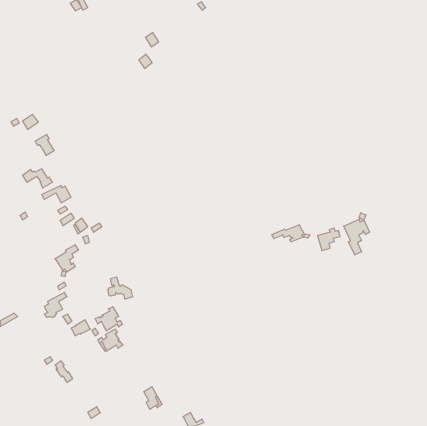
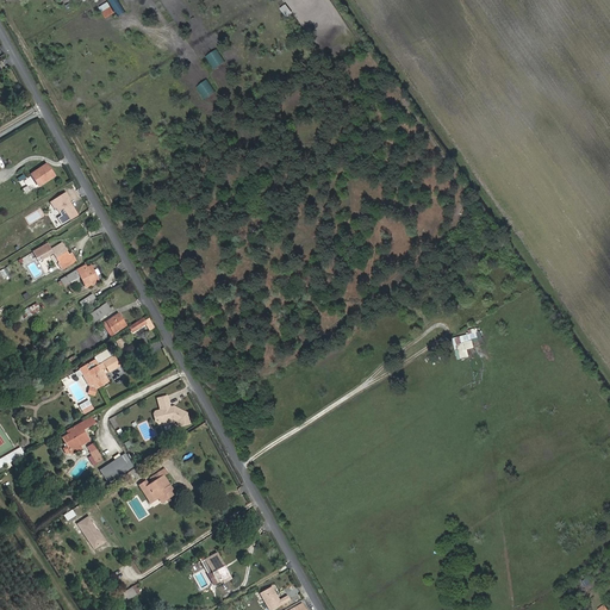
building: [344,213,369,255] -> none
building: [272,225,310,242] -> none
building: [95,307,122,331] -> none

